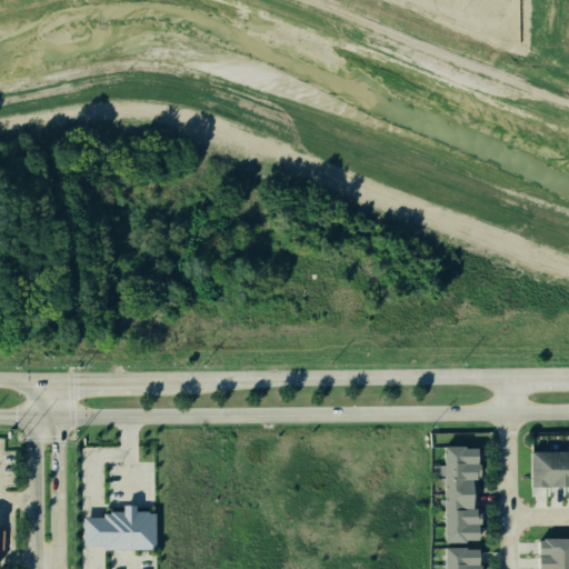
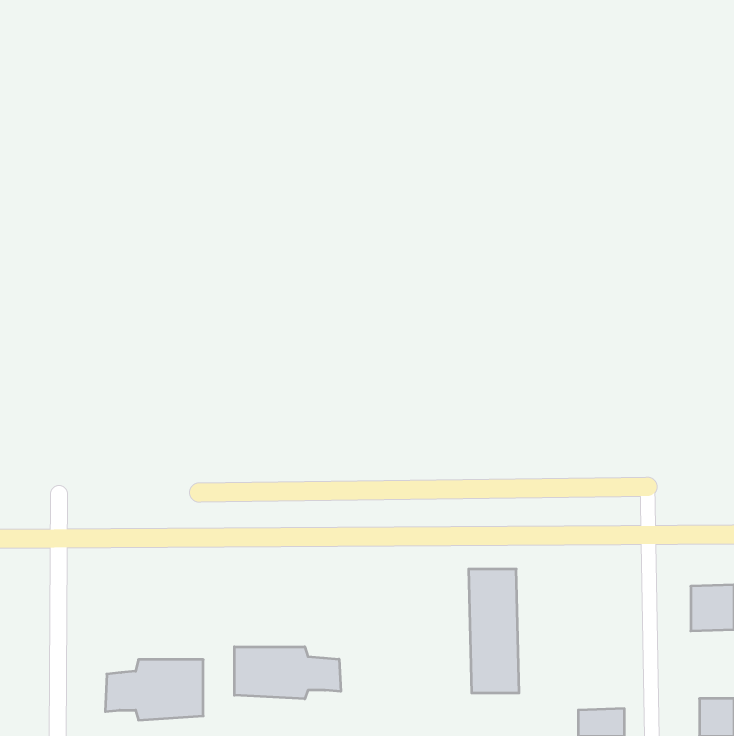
building: [443,447,482,542] -> [469,569,519,693]
building: none -> [234,647,341,699]

